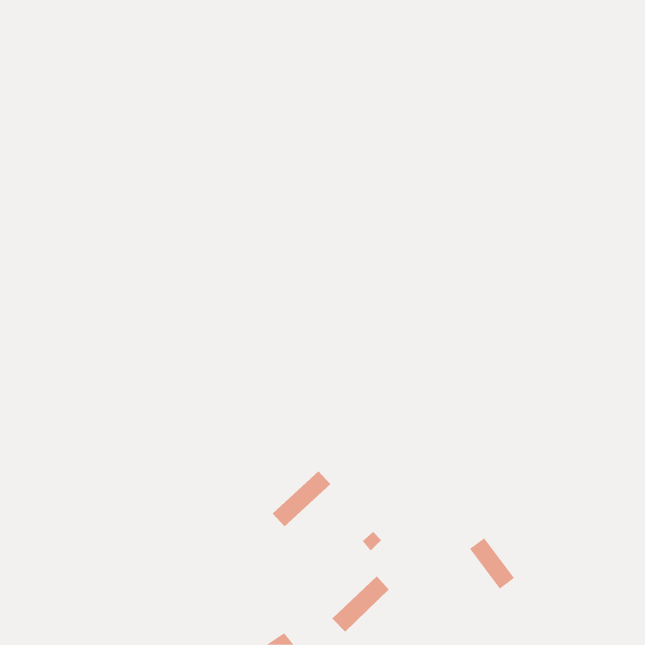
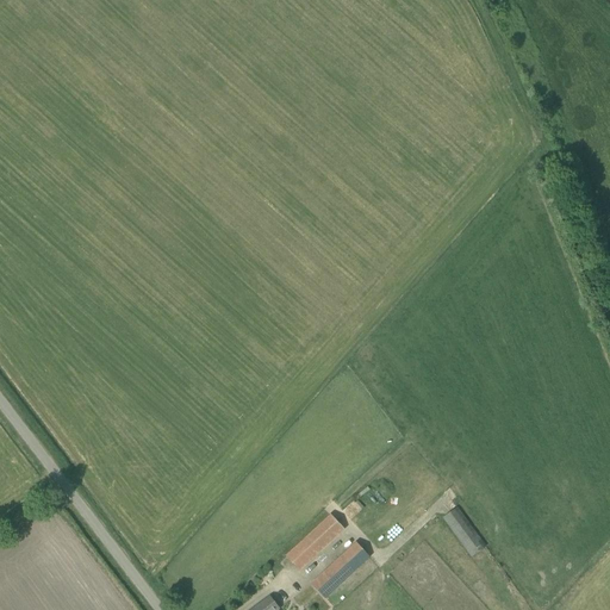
building: [272,470,331,527] -> [286,515,342,568]

